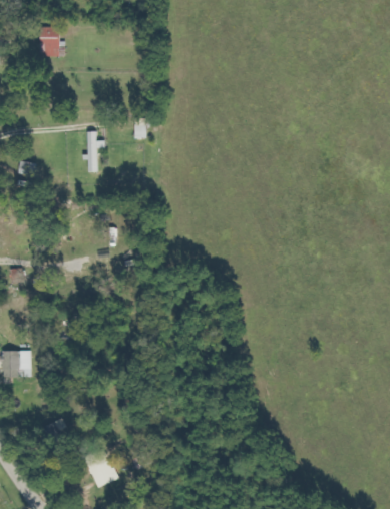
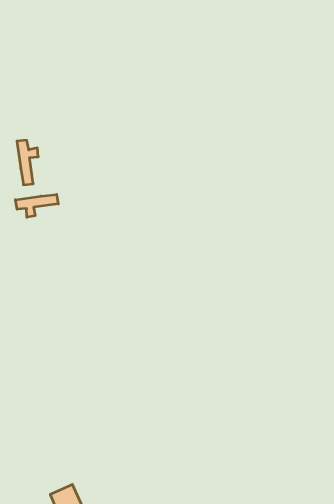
building: none -> [15,194,58,217]

